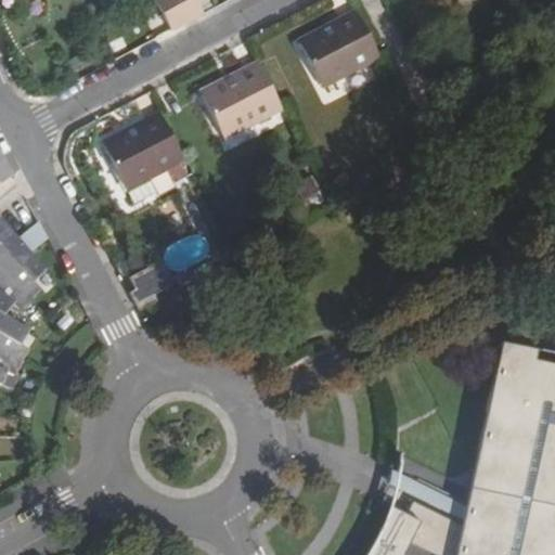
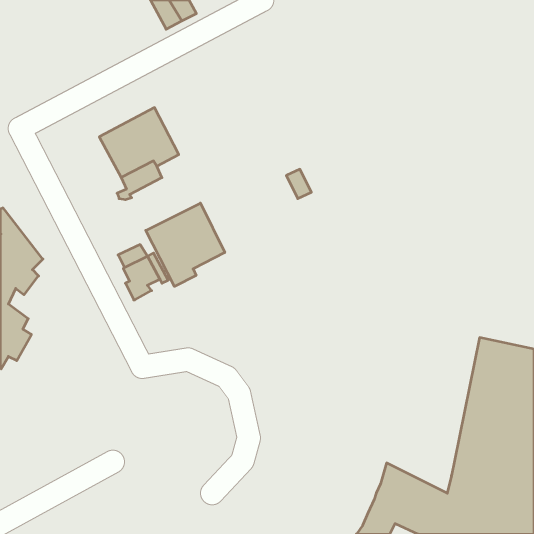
building: [298,11,380,89] -> none
building: [199,61,283,140] -> none
building: none -> [146,203,225,286]

